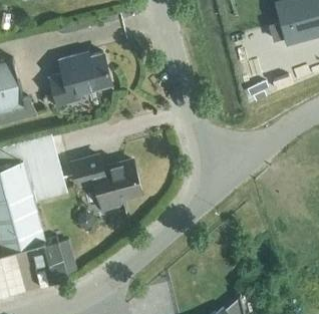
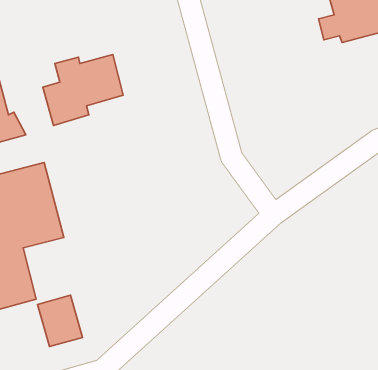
building: [72,158,140,213] -> none

